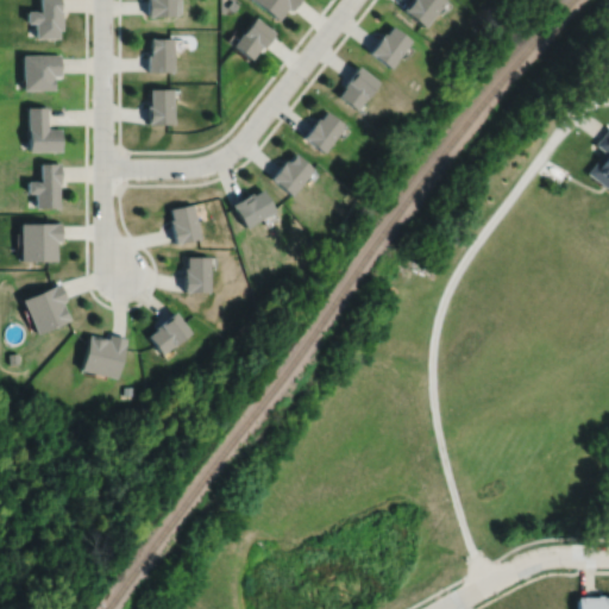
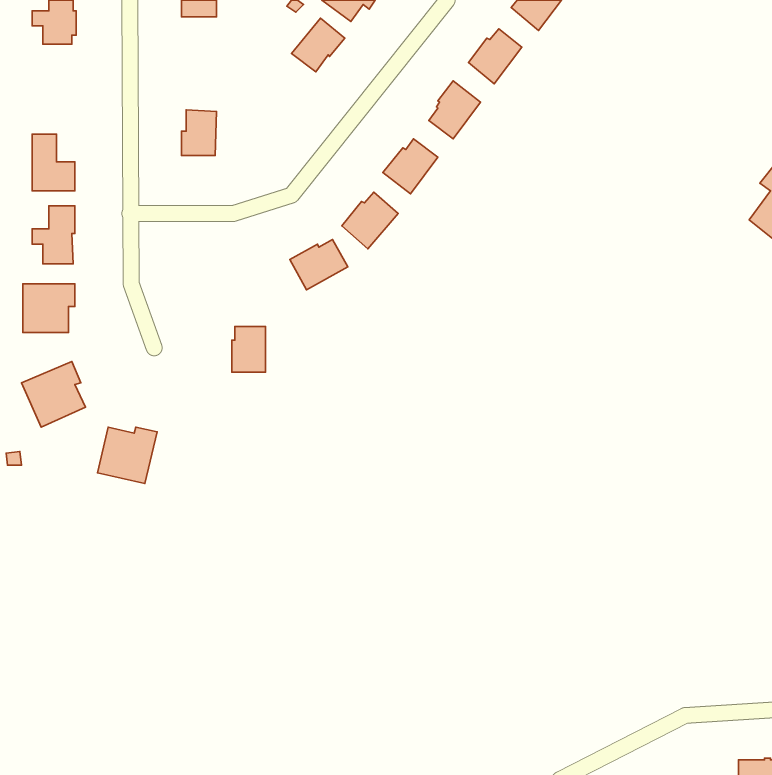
building: [147,38,175,73] -> none
building: [26,56,64,90] -> none
building: [170,206,202,245] -> none
building: [150,314,193,357] -> none

